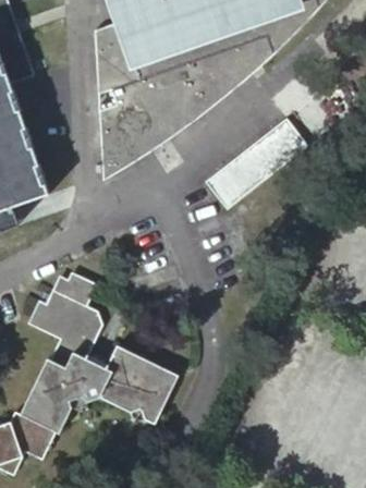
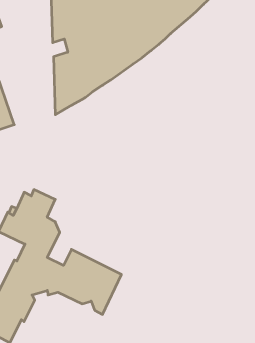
building: [206,117,310,209] -> none

